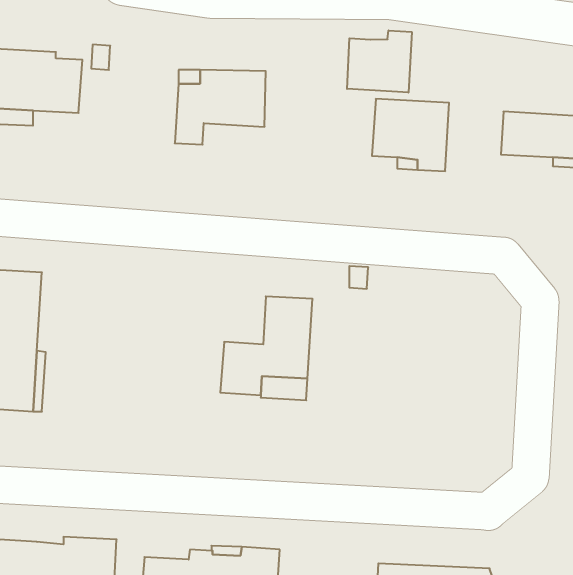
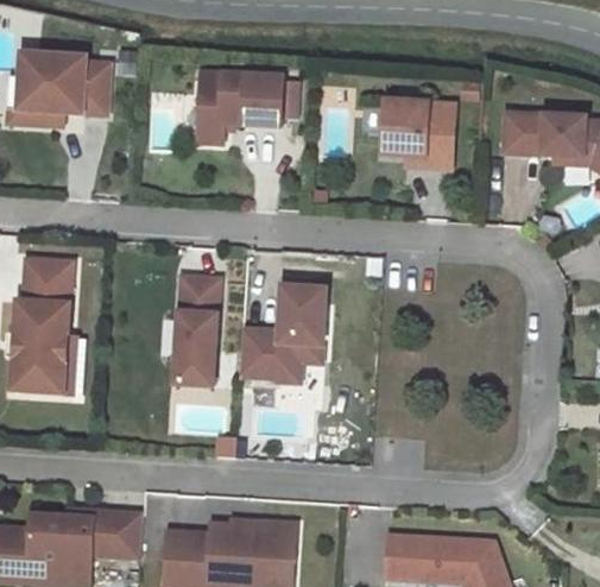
building: [347,30,412,93] -> none
building: none -> [175,274,220,384]

